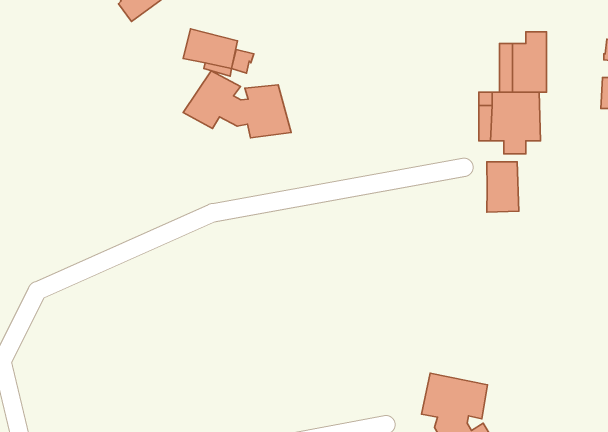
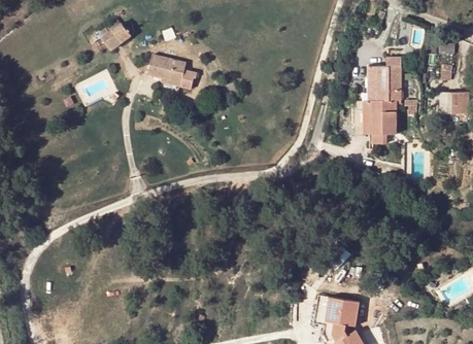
building: [183,71,291,138] -> none
building: [487,162,519,212] -> none

